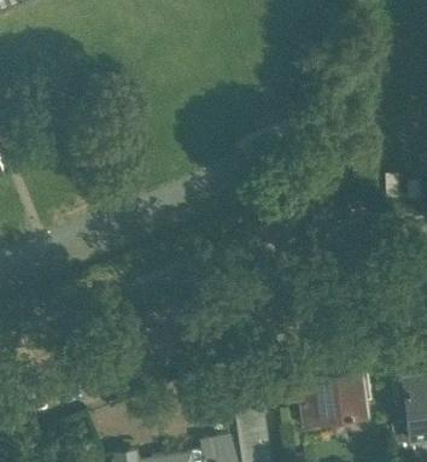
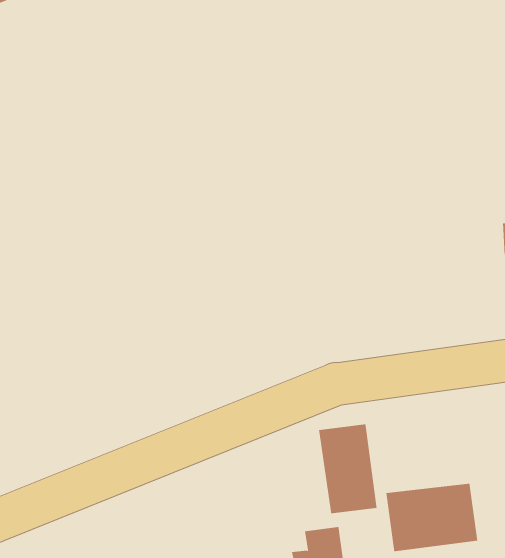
building: none -> [318,423,377,514]

